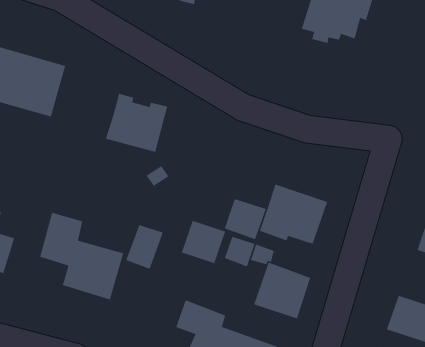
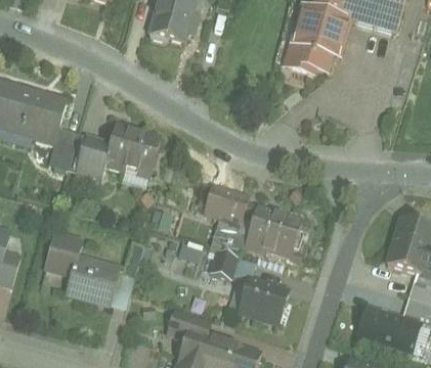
building: none -> [48,126,80,172]
building: none -> [75,135,110,176]
building: none -> [203,181,256,226]

